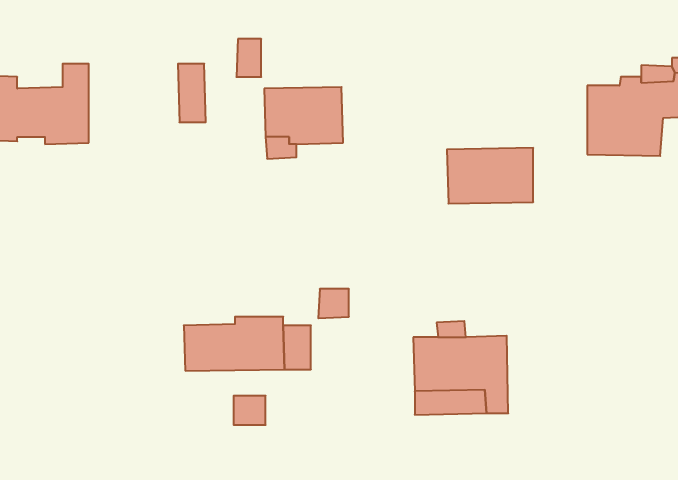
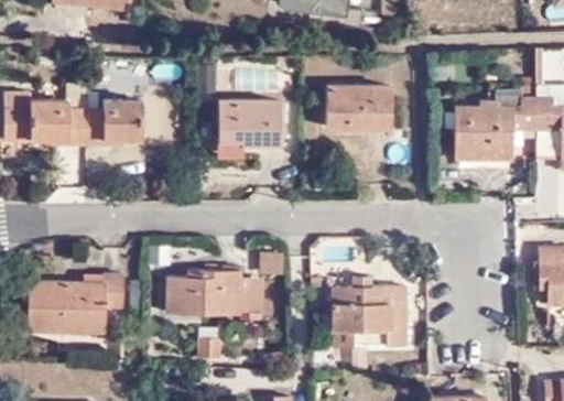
building: none -> [88,102,145,144]
building: [447,148,533,204] -> [325,87,390,129]
building: none -> [29,285,117,340]

